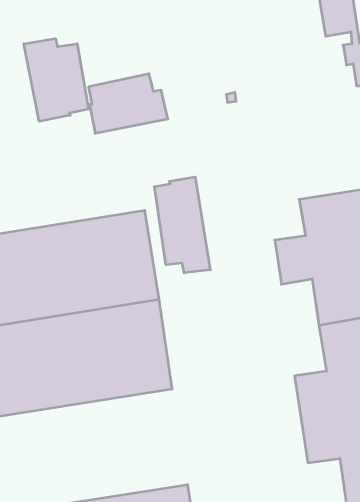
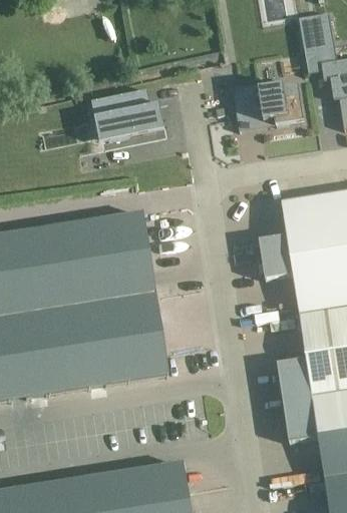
building: [24,39,88,121] -> none
building: none -> [233,83,305,130]
building: [154,177,210,273] -> none

